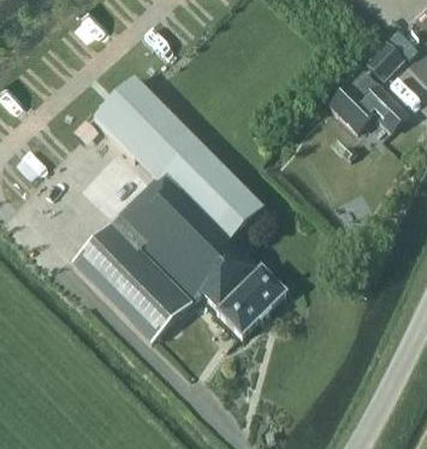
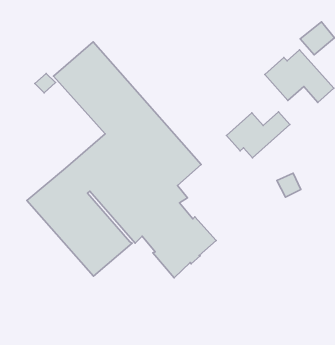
building: none -> [227,112,290,158]

